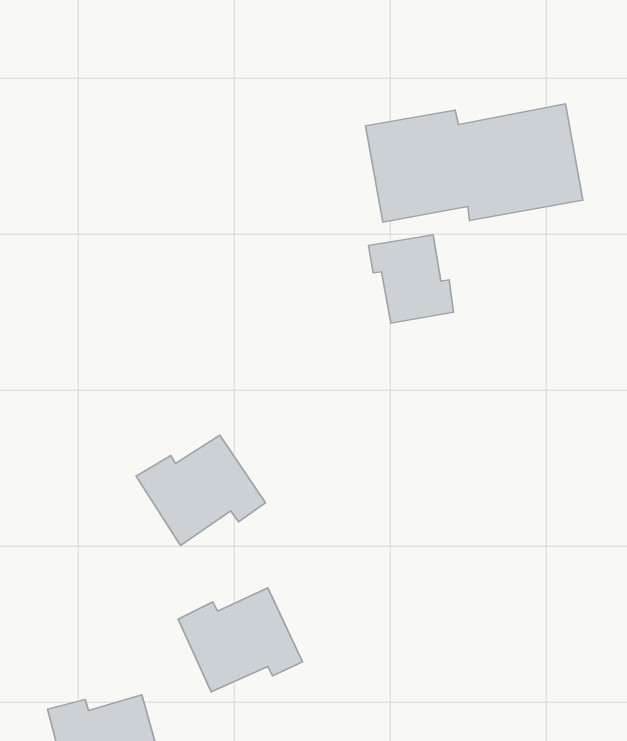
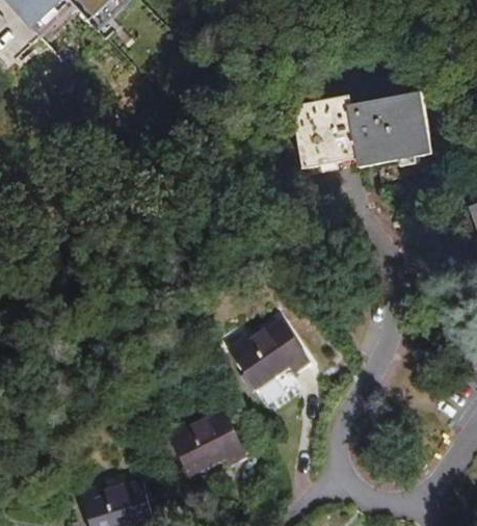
building: [369,235,454,323] -> none
building: [136,435,265,545] -> [226,319,311,392]

